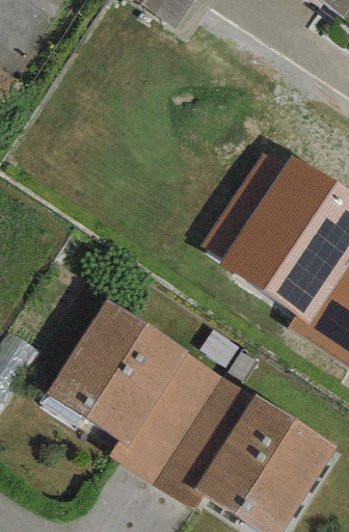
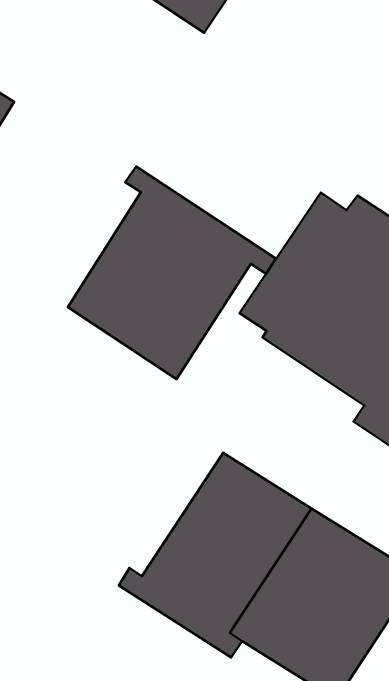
building: none -> [68,166,276,379]
building: [46,298,189,446] -> none

